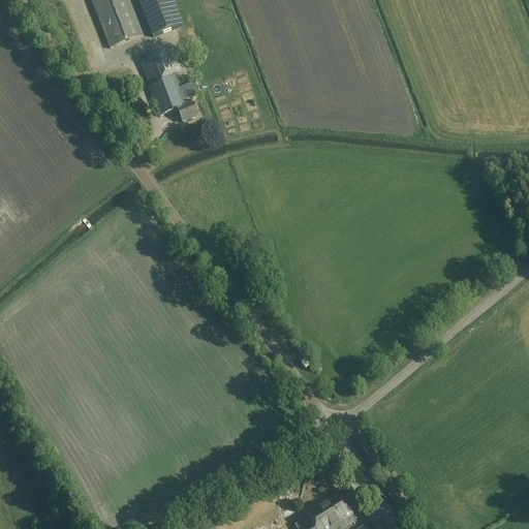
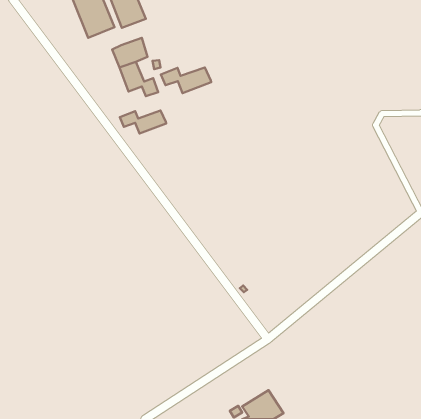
building: none -> [161,67,211,93]
building: none -> [120,110,166,133]

